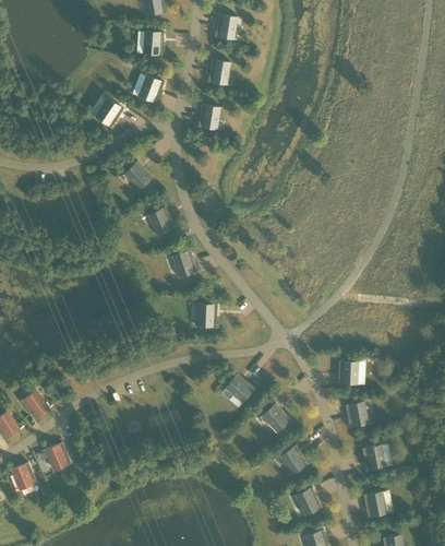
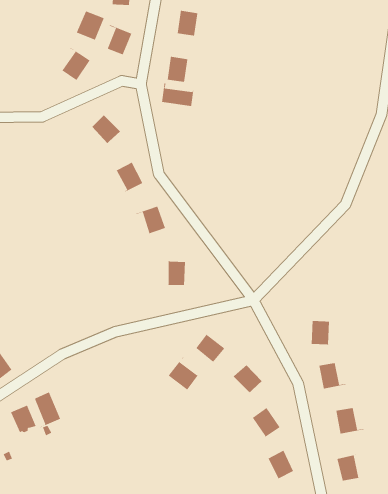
building: none -> [69,10,105,41]
building: none -> [161,82,194,107]
building: none -> [168,356,200,390]
building: none -> [32,391,61,428]

